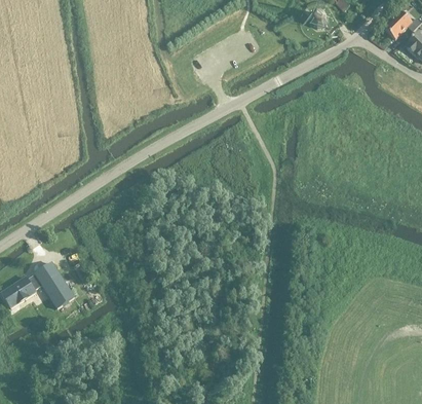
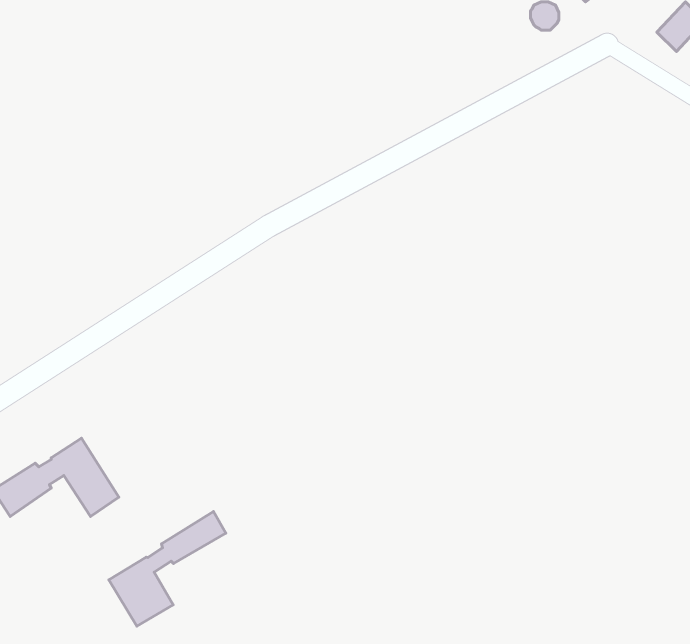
building: none -> [109,511,226,626]

